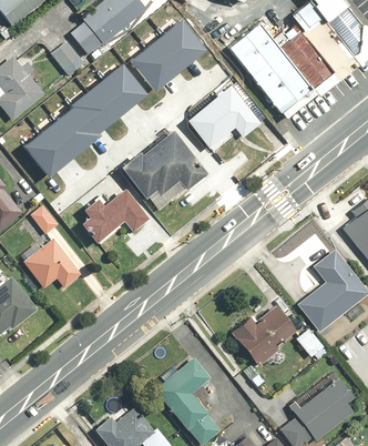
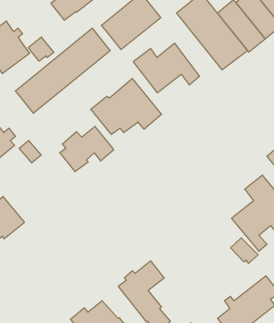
building: [51,41,83,71] -> [28,37,54,61]
building: [22,239,83,290] -> none
building: [233,306,297,368] -> none

